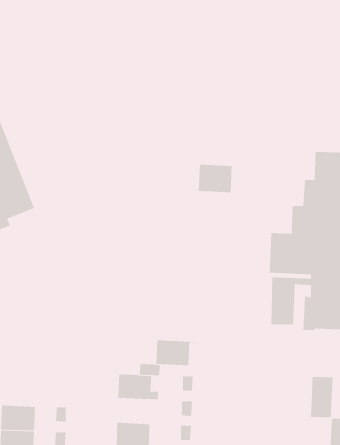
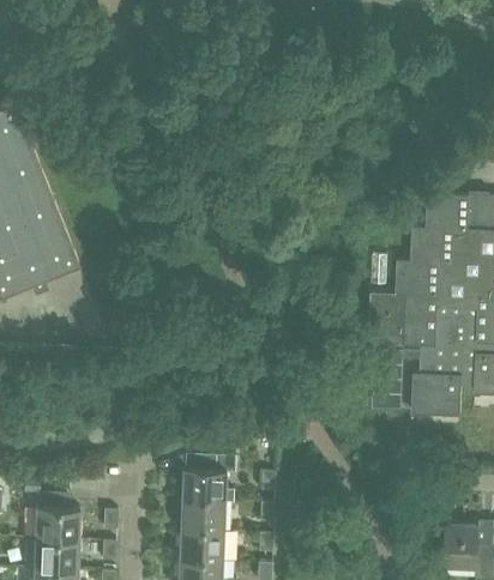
building: [198,164,232,193] -> none
building: [155,340,198,366] -> [180,500,233,532]
building: [310,376,333,418] -> none

